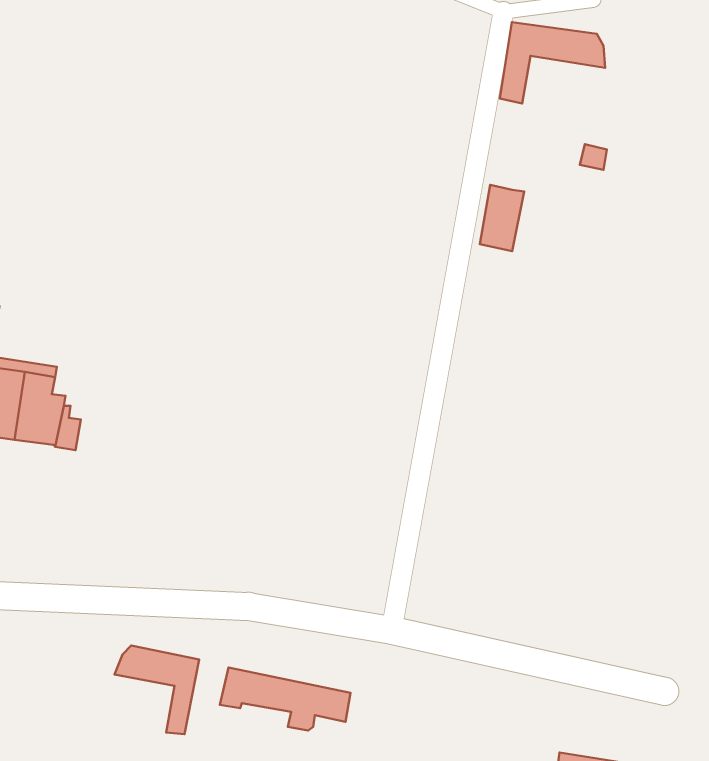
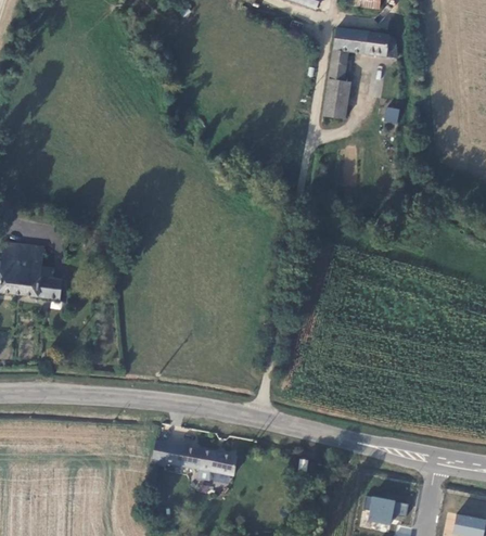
building: [480,185,524,251] -> [322,77,350,119]
building: [114,645,199,734] -> none

